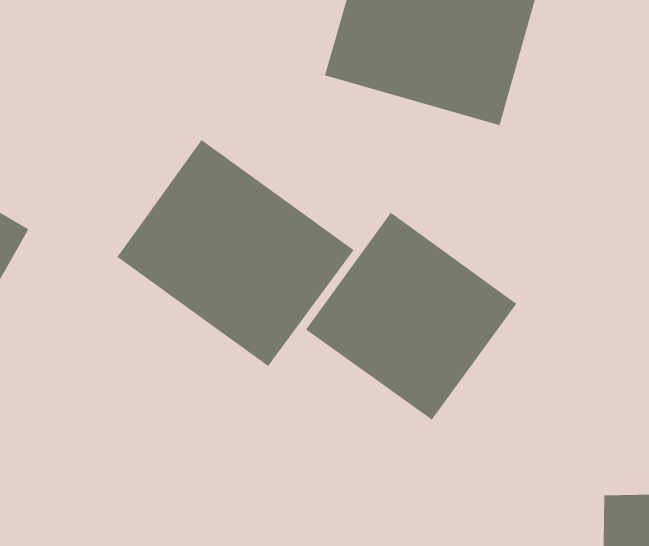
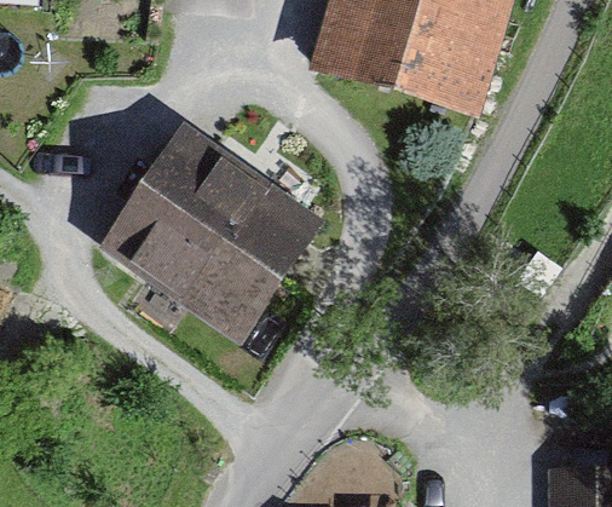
building: [305,212,517,420] -> none

